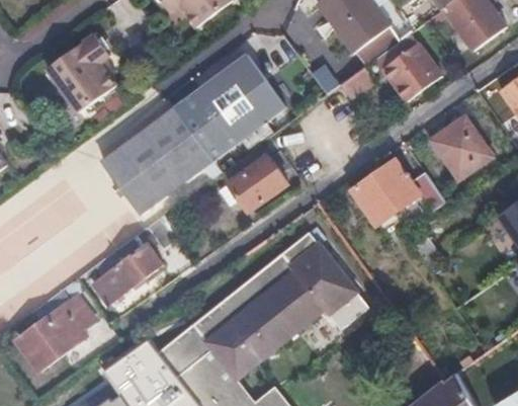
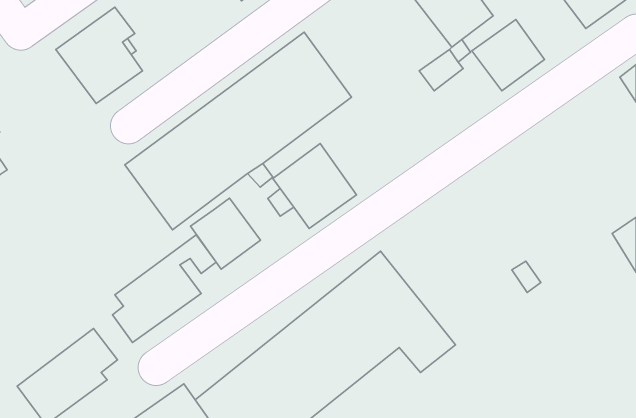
building: [430,115,493,180] -> none
building: [350,158,444,226] -> none
building: none -> [190,198,260,269]

